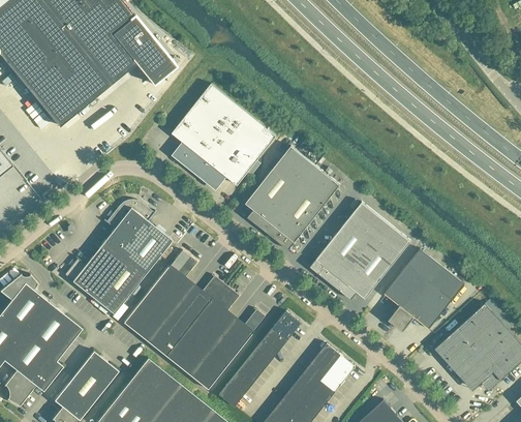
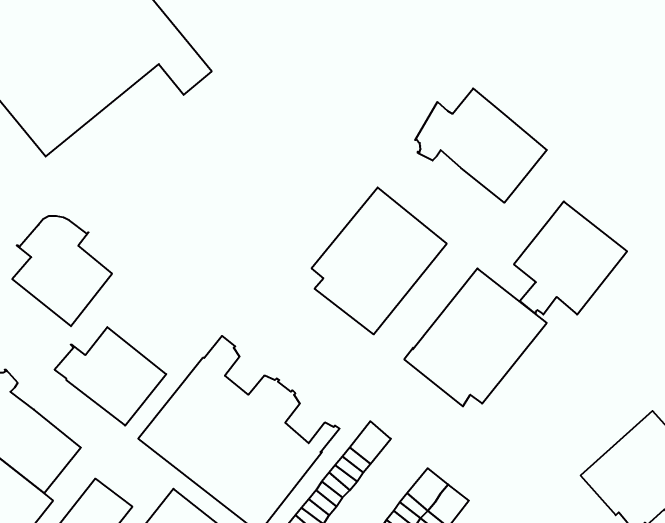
building: none -> [415,88,547,203]
building: [172,85,276,188] -> none
building: [101,201,172,278] -> [12,216,112,326]
building: [385,250,464,330] -> [514,201,627,315]

